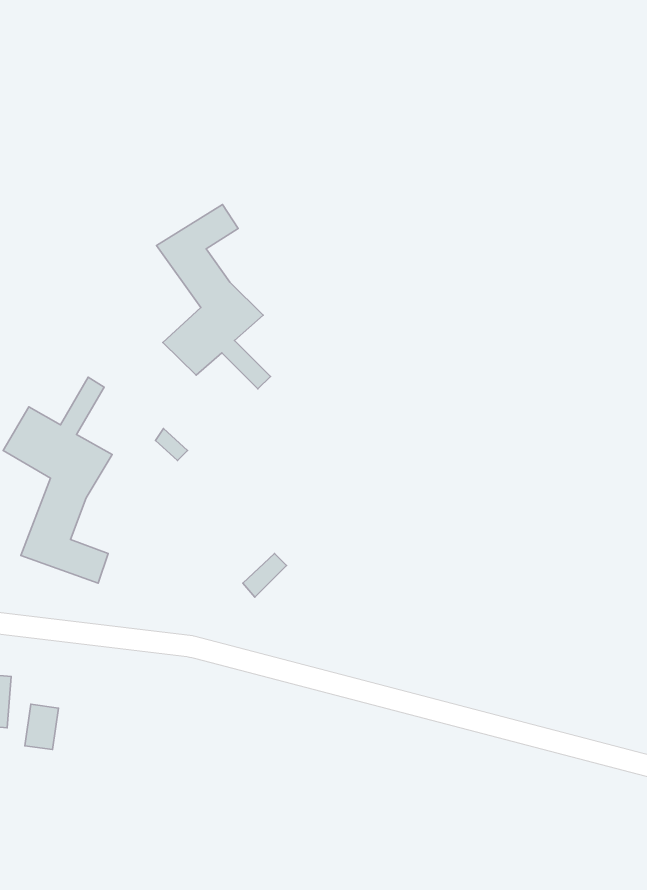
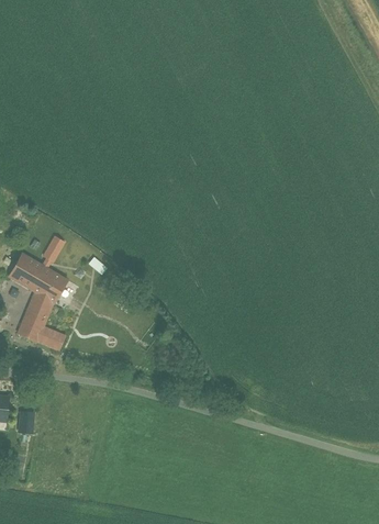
building: [157,204,270,389] -> none

